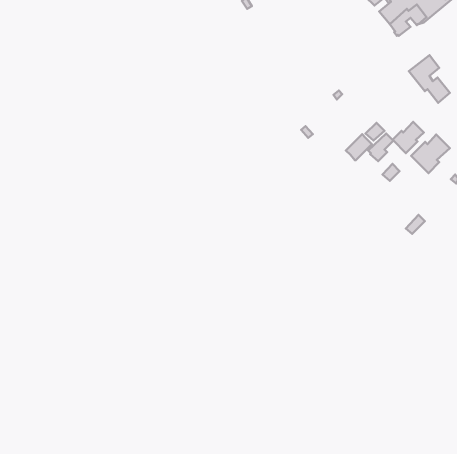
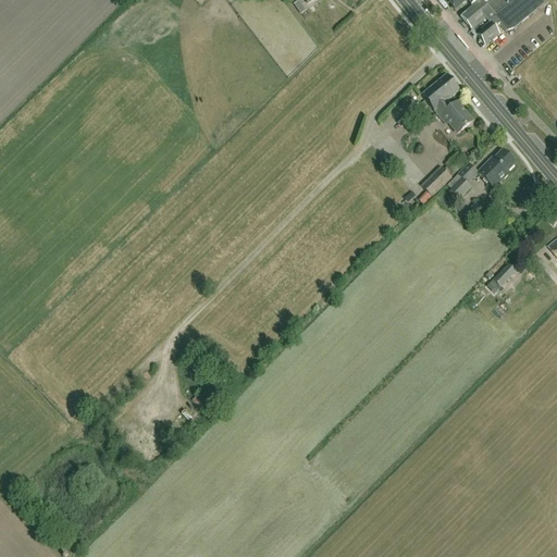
building: [409,55,450,103] -> [422,73,472,131]
building: [411,134,450,173] -> none

